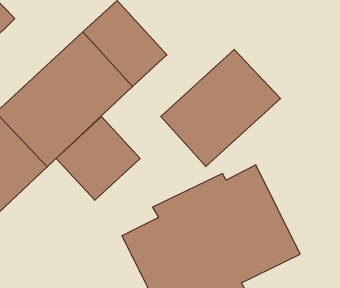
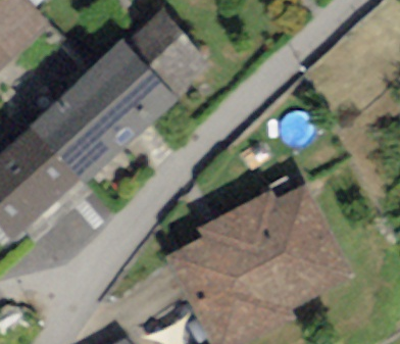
building: [161,49,281,167] -> none
building: [56,117,140,200] -> none

